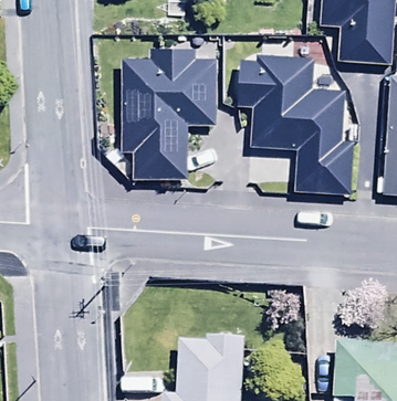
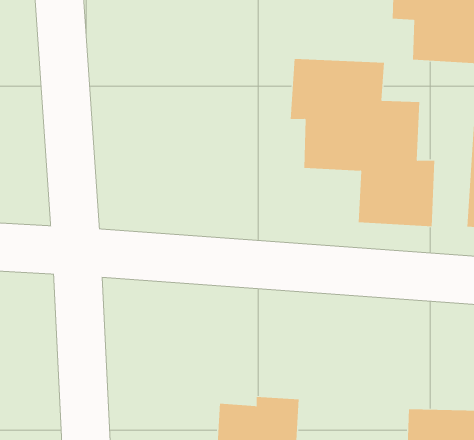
building: [122,49,217,175] -> none

